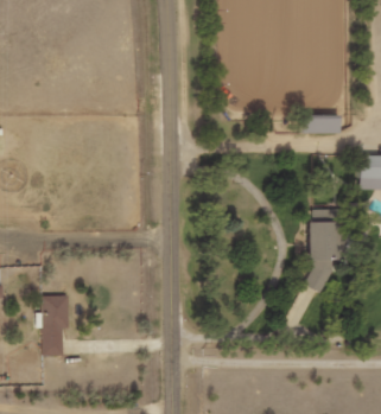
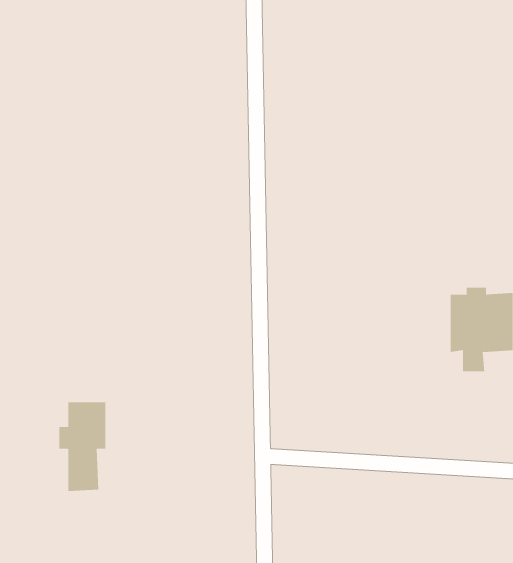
building: [298,115,335,134] -> none

